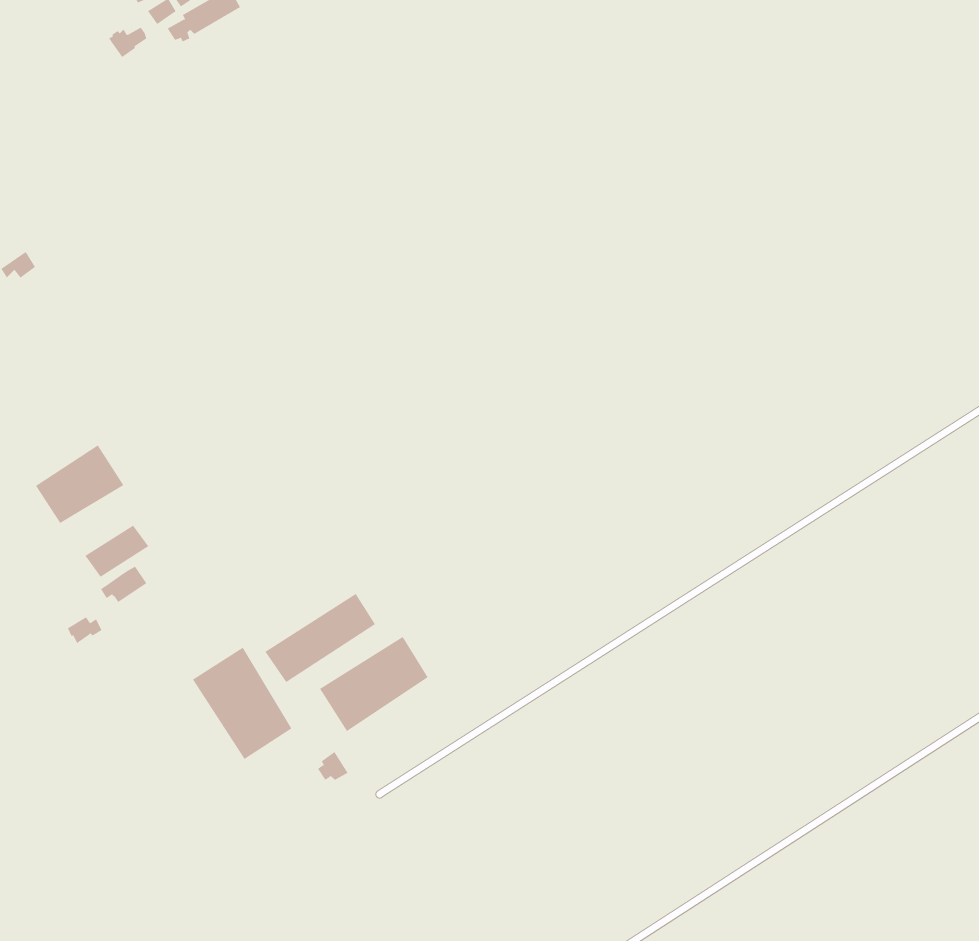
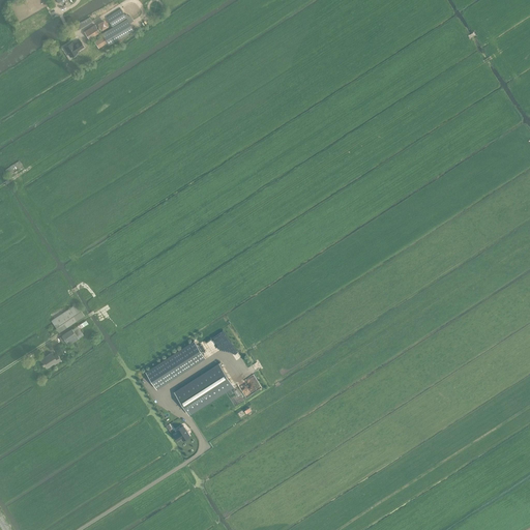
building: [35,444,124,524] -> none
building: [192,647,292,760] -> none

